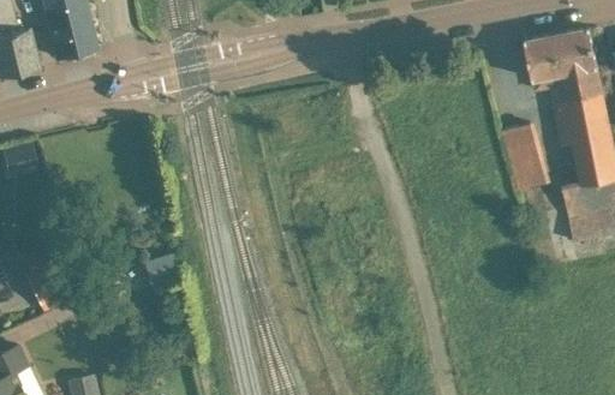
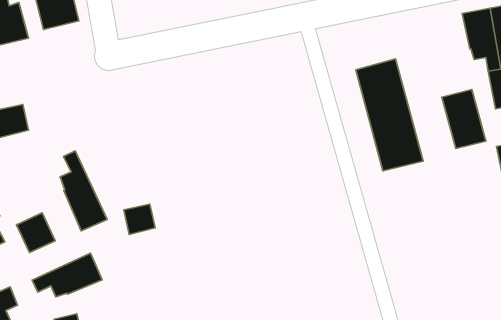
building: none -> [356,59,423,171]
building: none -> [60,151,107,231]
building: none -> [32,253,102,297]

